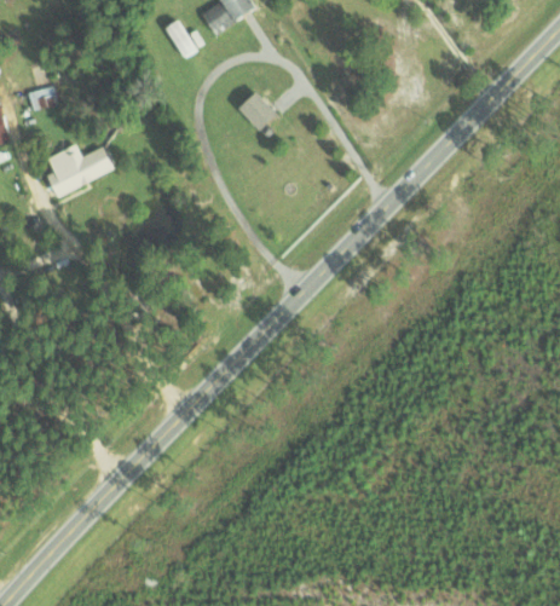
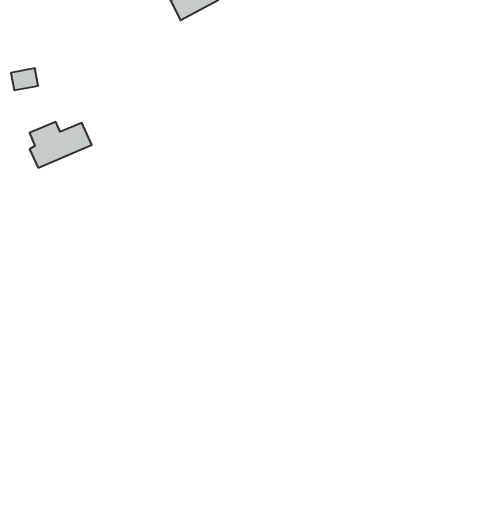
building: [164,19,203,57] -> none
building: [243,92,279,129] -> none

